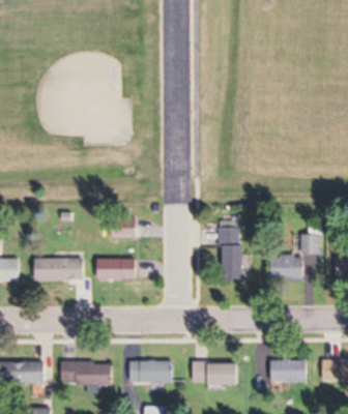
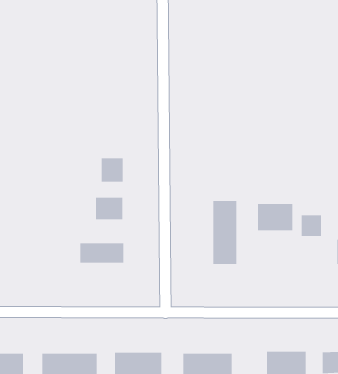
building: none -> [101,158,123,182]
building: [269,256,302,282] -> [257,203,293,231]
building: [34,259,84,280] -> none

